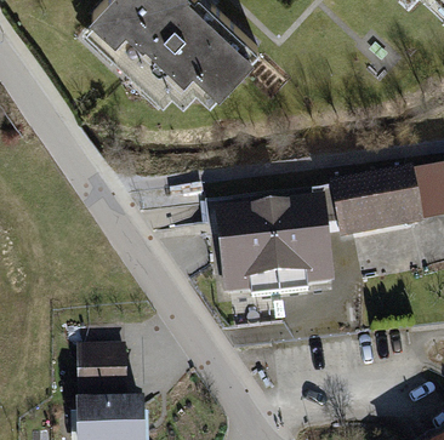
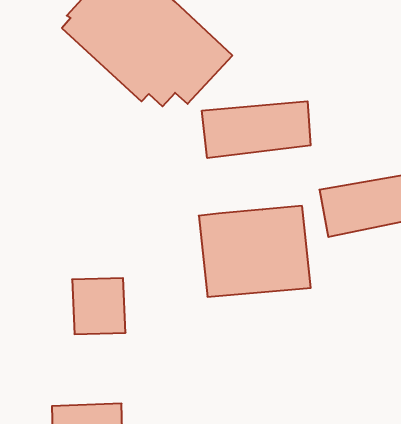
building: none -> [202,101,311,158]
building: [75,341,127,395] -> [72,278,126,334]

